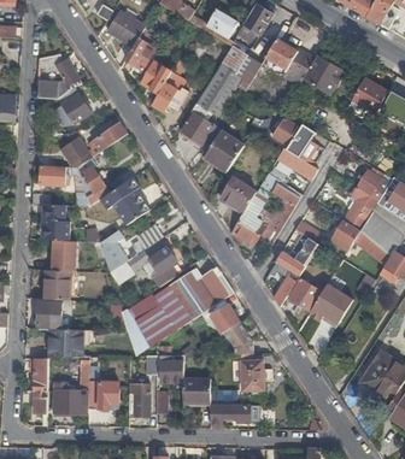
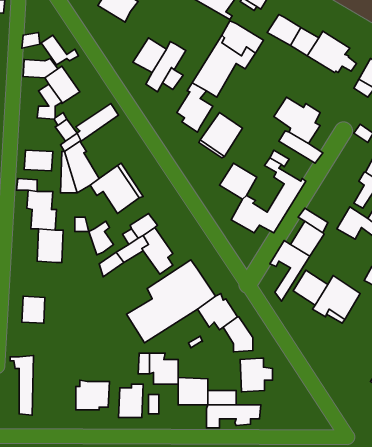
building: [124,37,155,70] -> none
building: [200,267,233,302] -> none
building: [43,270,69,301] -> none
building: [47,331,75,357] -> none
building: [52,390,87,413] -> none

